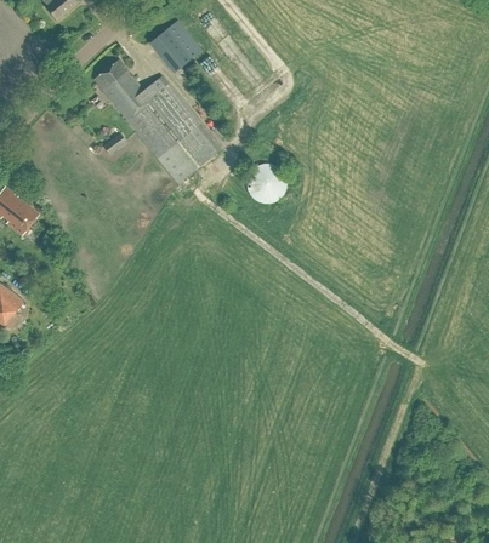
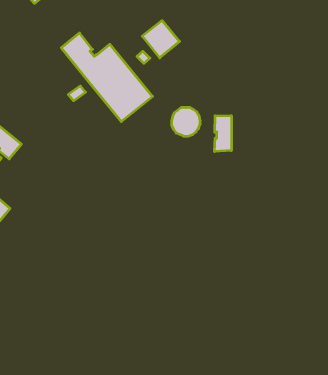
building: [149,19,201,72] -> [142,21,180,58]
building: none -> [215,116,231,152]

